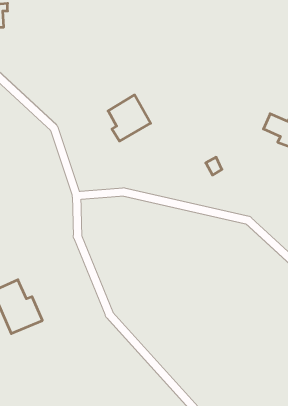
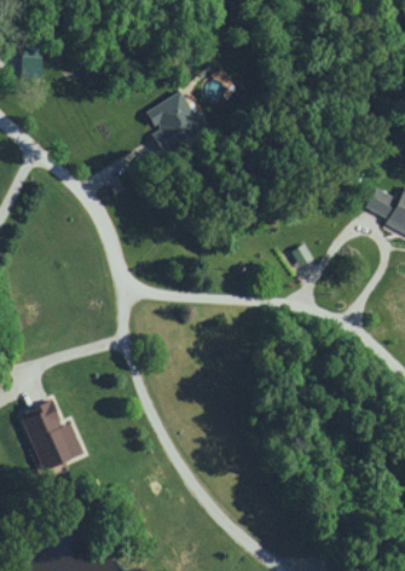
building: [108,95,151,141] -> [147,92,202,151]

